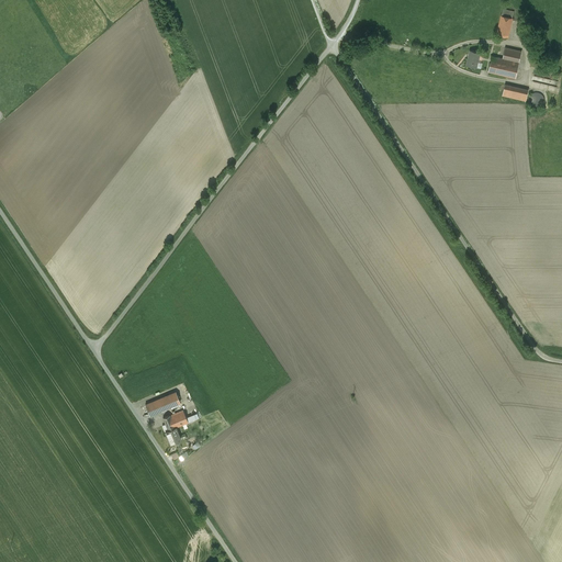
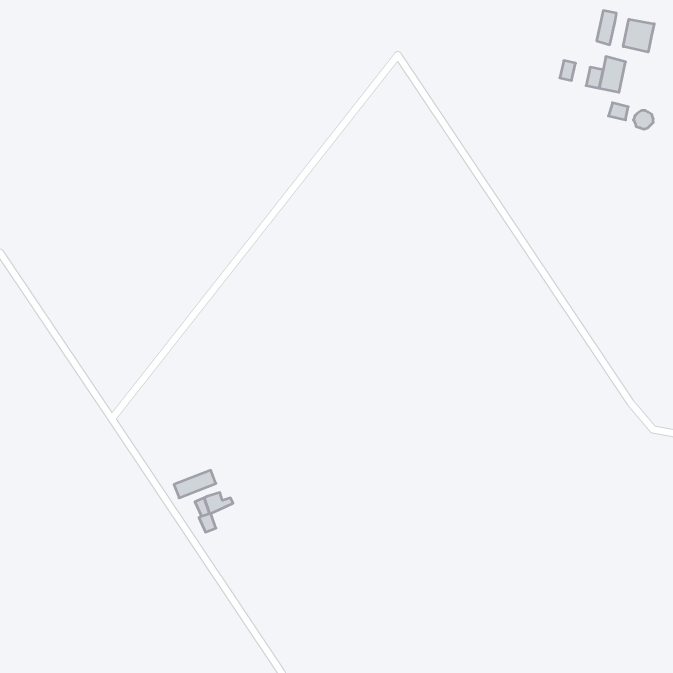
building: none -> [623,19,654,52]

